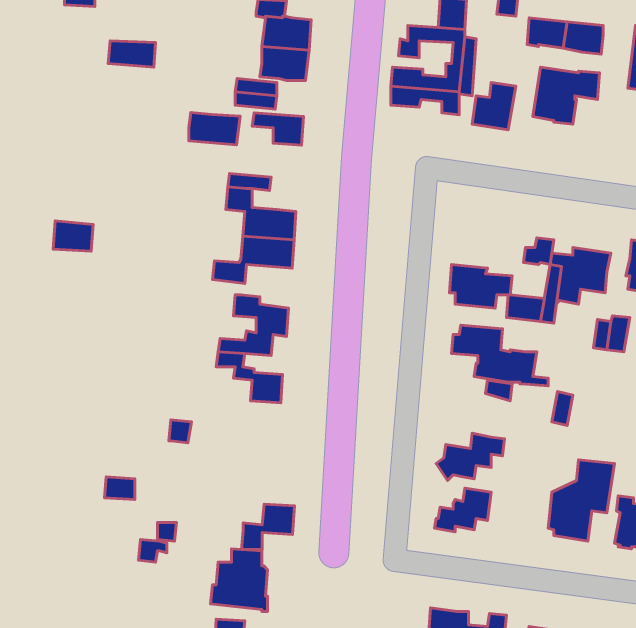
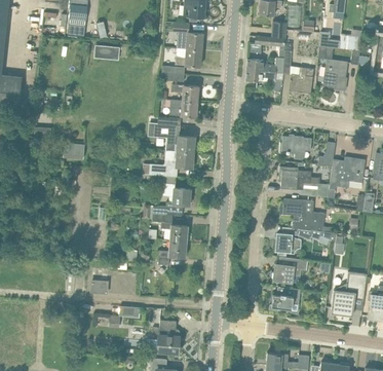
building: [189,113,240,145] -> [169,99,197,116]
building: none -> [278,135,311,158]
building: none -> [275,232,301,253]
building: [241,504,295,550] -> [157,239,186,264]

